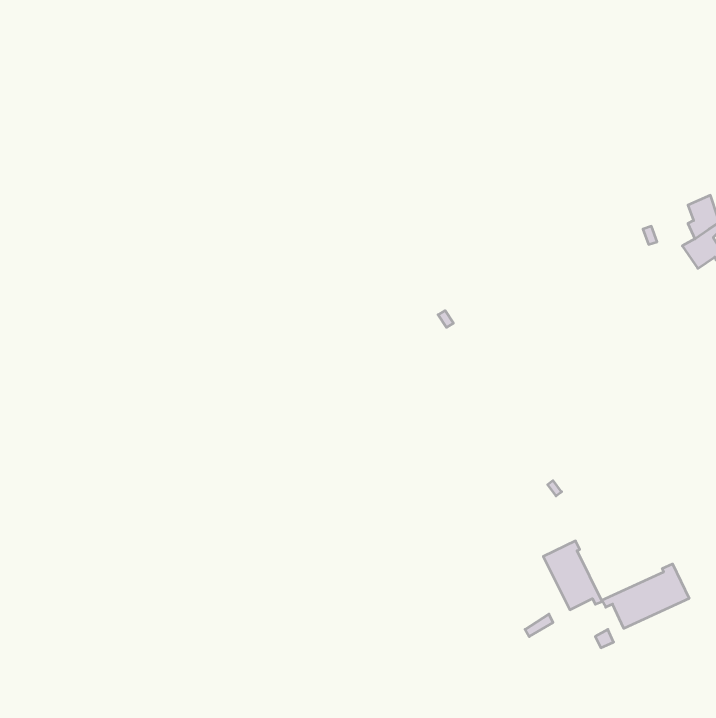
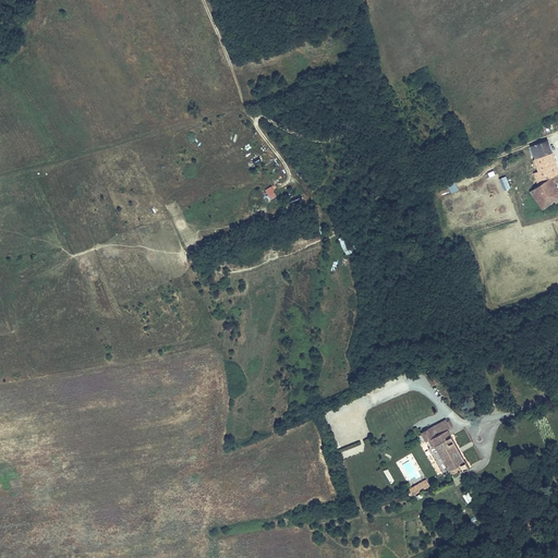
building: [602,564,689,628] -> none

